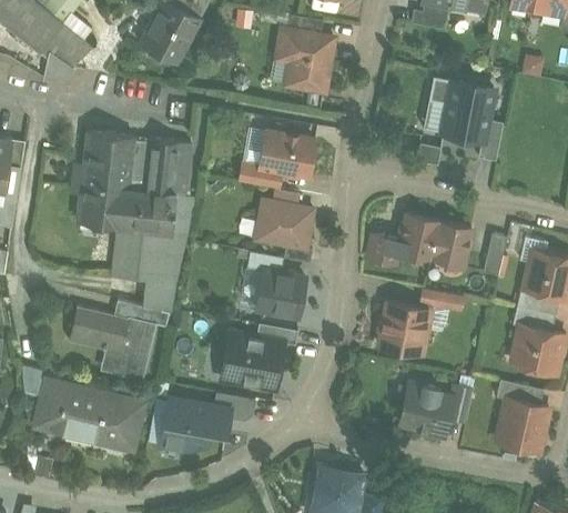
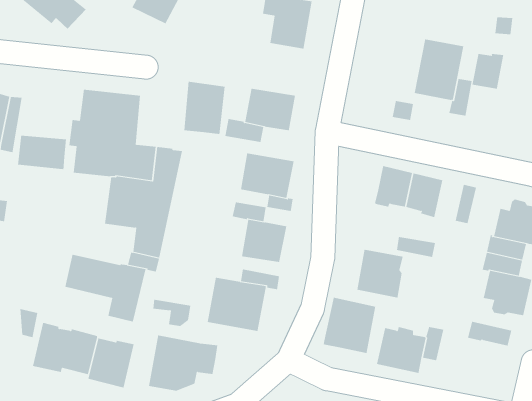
building: none -> [472,53,504,89]
building: [145,139,190,195] -> [184,81,225,135]
building: none -> [17,135,66,170]
building: [366,234,400,264] -> none
building: none -> [323,297,376,354]
building: [213,392,254,421] -> [152,299,191,327]
building: [497,399,548,451] -> none

